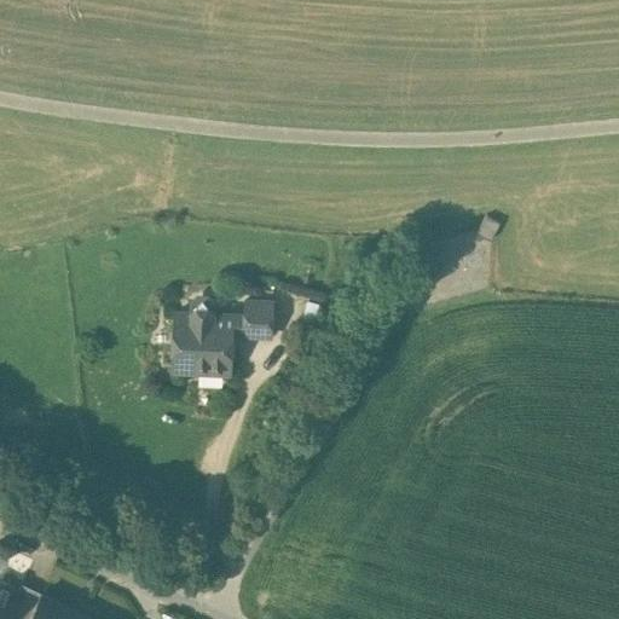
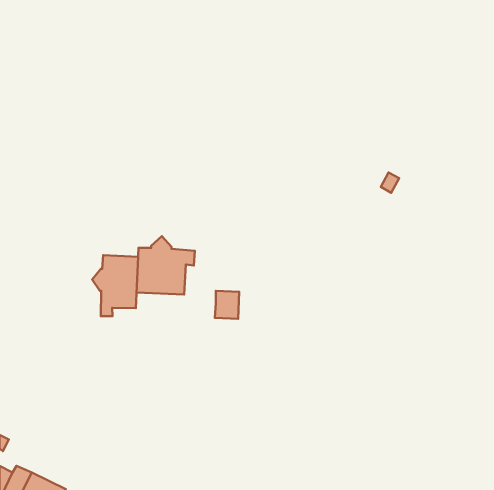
building: [242,303,272,339] -> [215,291,239,319]
building: none -> [92,255,138,316]

